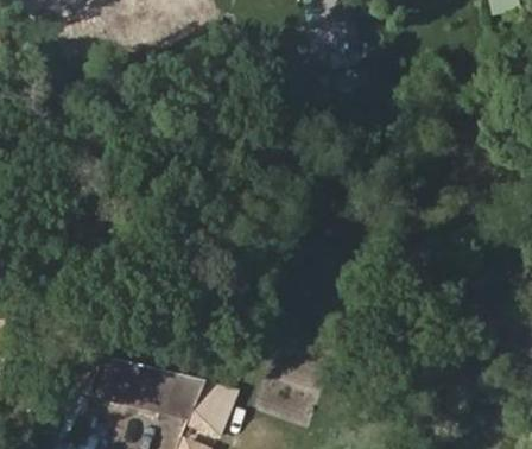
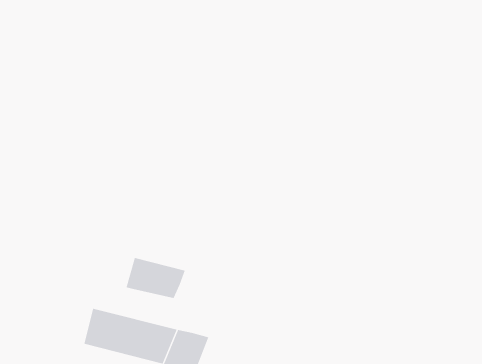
building: none -> [126,257,186,299]

